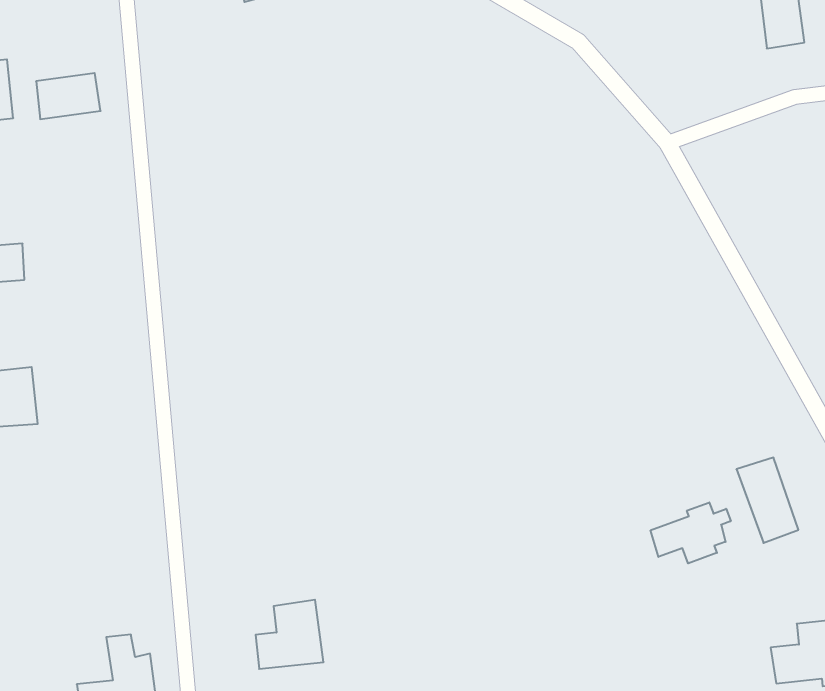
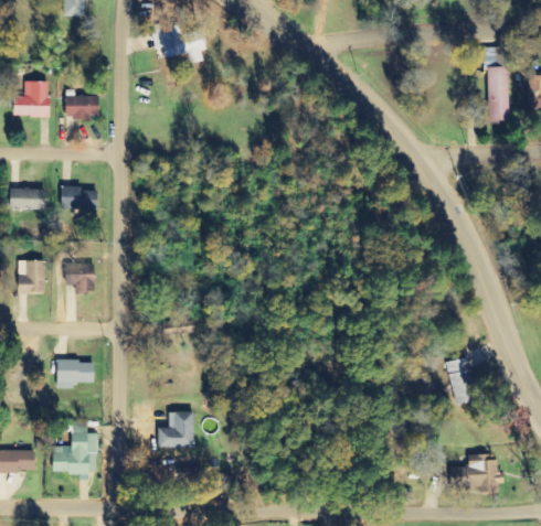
building: none -> [61,186,82,208]
building: none -> [65,264,95,293]
building: [651,502,731,563] -> none
building: none -> [56,359,95,388]

